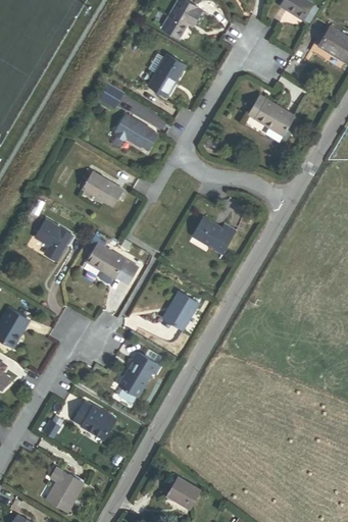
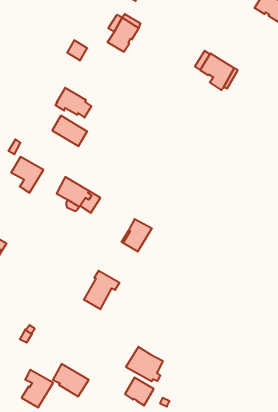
building: [114,114,156,149] -> [55,88,91,118]
building: [191,217,234,254] -> none
building: [73,401,115,438] -> [53,364,89,396]
building: none -> [126,347,163,381]

